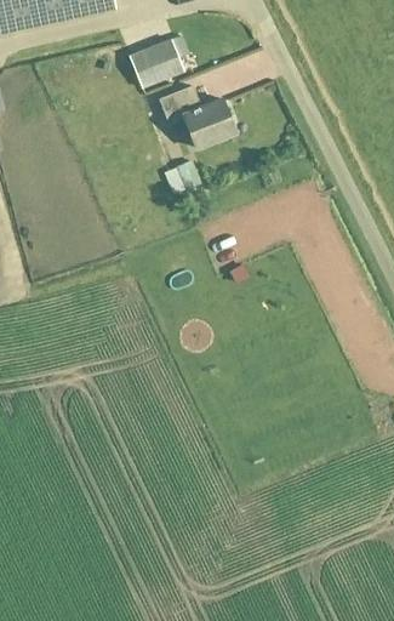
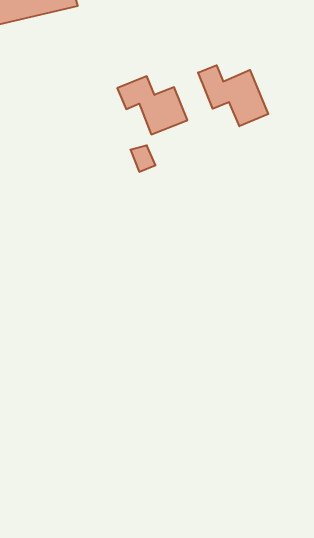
building: [129,36,185,87] -> none
building: none -> [198,65,268,126]

